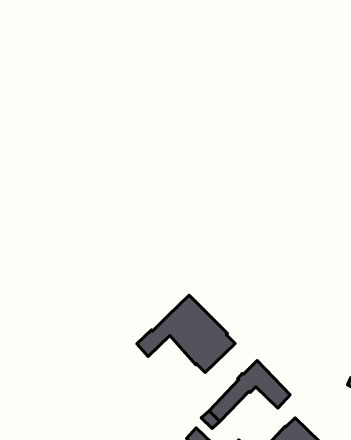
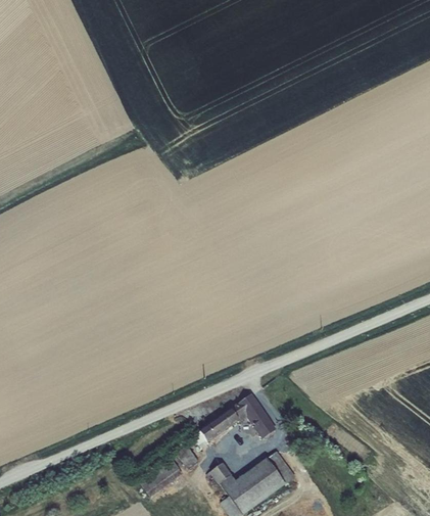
building: [137,295,235,373] -> none

